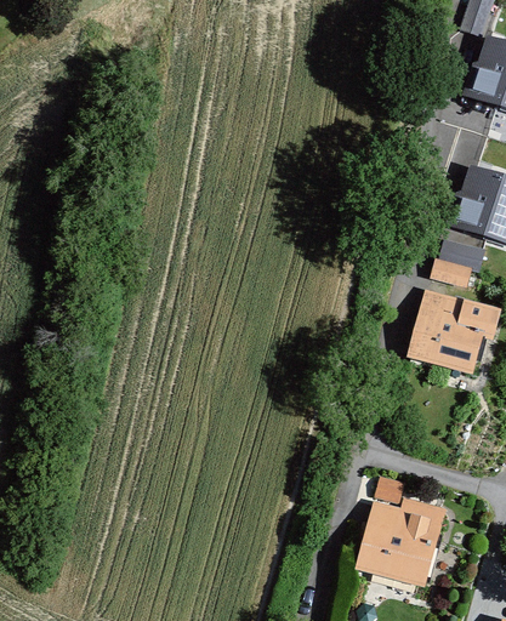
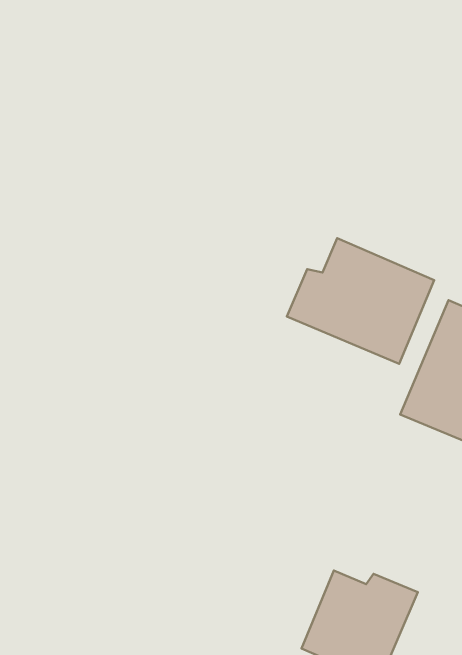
building: none -> [287,238,434,364]

